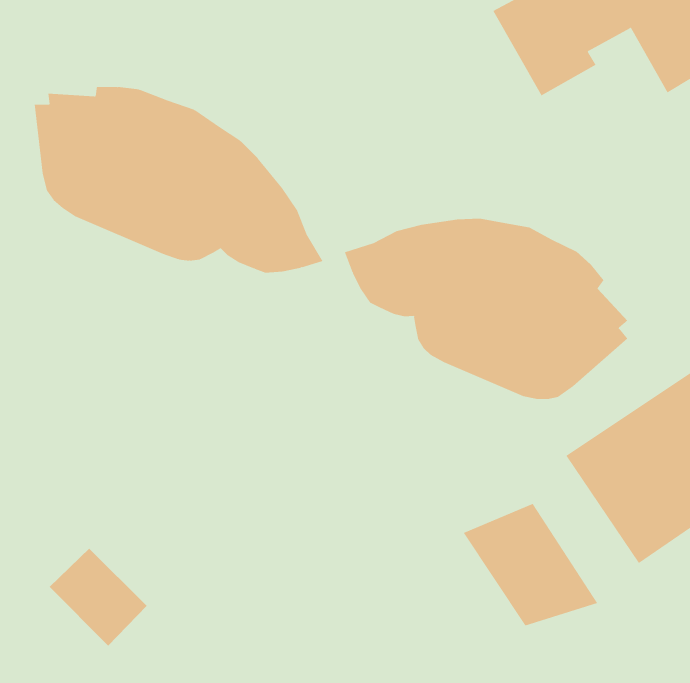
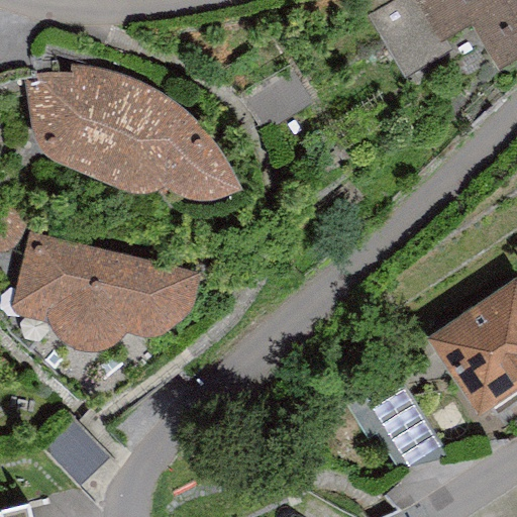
building: [344,218,628,400] -> none
building: none -> [11,230,202,353]

